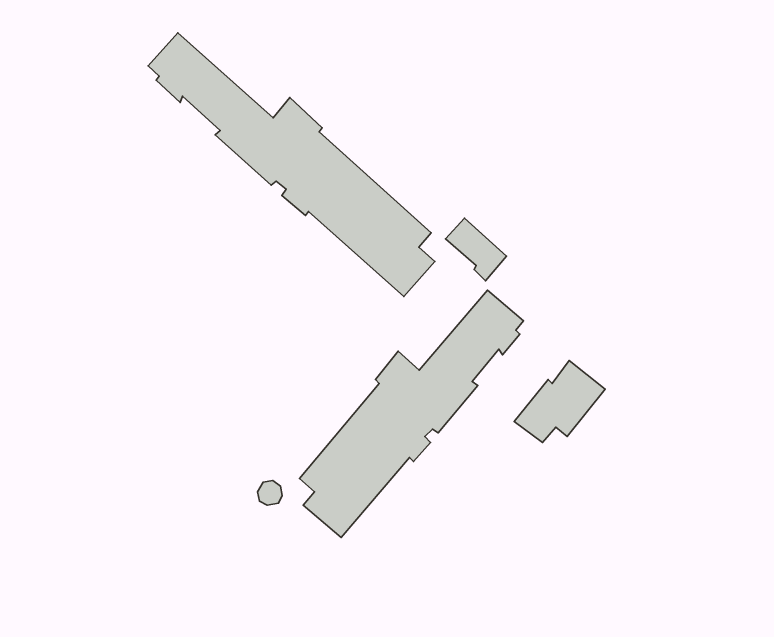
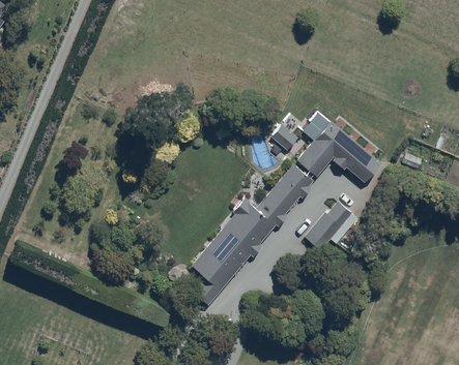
building: [148,33,435,296] -> none
building: none -> [296,111,380,183]

